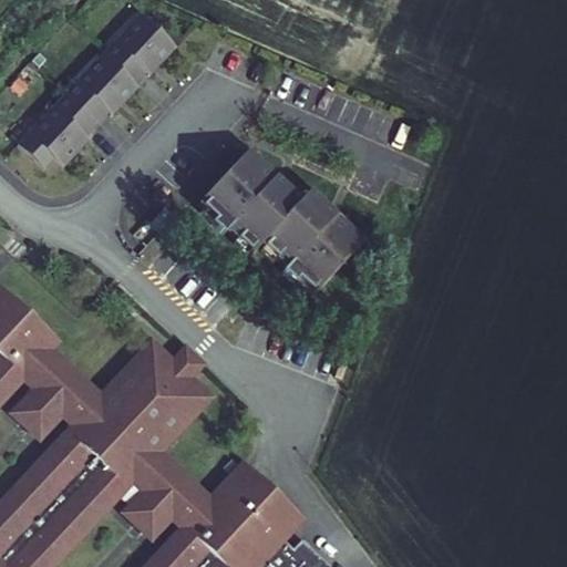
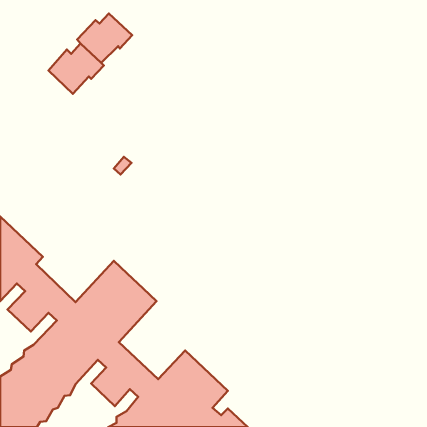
building: [17,93,97,168] -> none
building: [199,150,364,293] -> none

